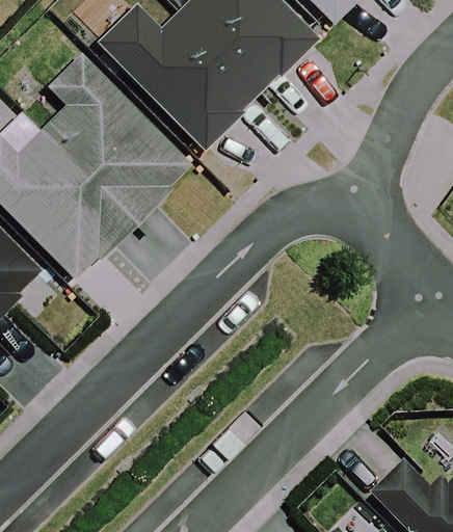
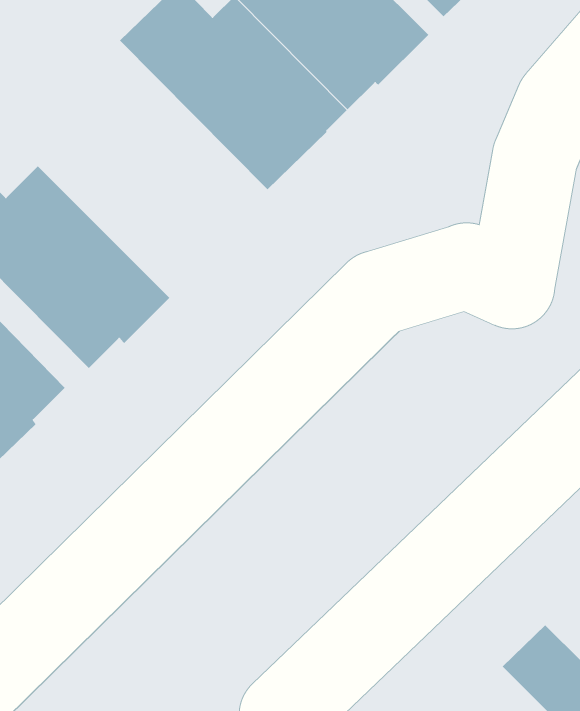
building: [38,54,189,225] -> none

